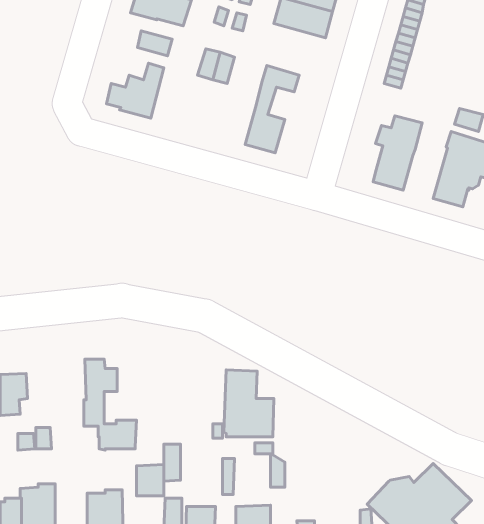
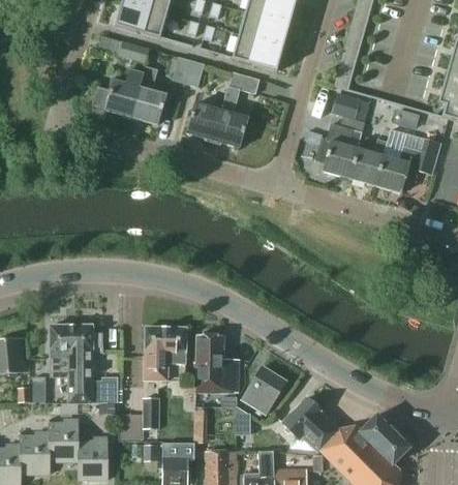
building: none -> [232,35,283,71]
building: none -> [131,66,166,124]
building: none -> [332,92,371,121]
building: none -> [186,102,222,140]
building: none -> [349,140,388,186]
building: none -> [49,325,87,403]
building: none -> [144,327,186,381]
building: none -> [241,366,285,414]
building: none -> [281,397,337,452]
building: none -> [48,419,79,461]

